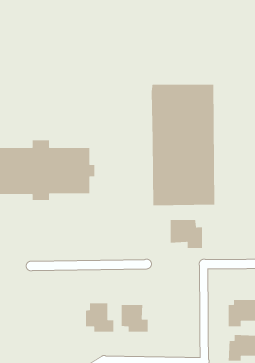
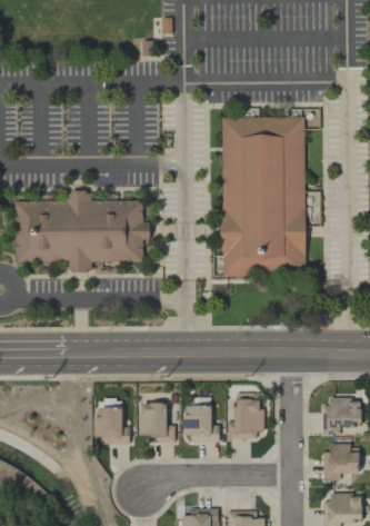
building: [170,219,203,249] -> none
building: none -> [227,399,262,438]
building: none -> [93,406,129,444]

